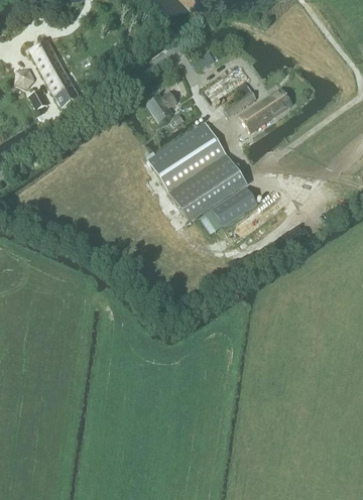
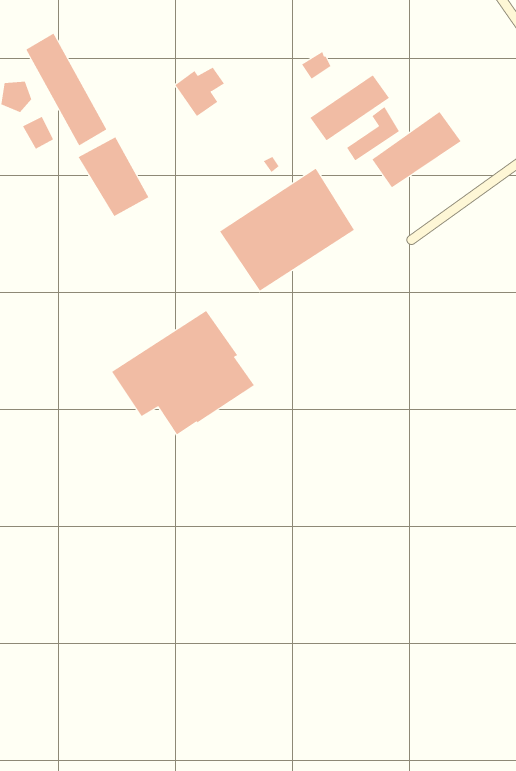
building: [147,93,177,123] -> [175,67,225,117]
building: none -> [78,137,149,217]
building: [171,158,258,234] -> [111,310,255,435]

